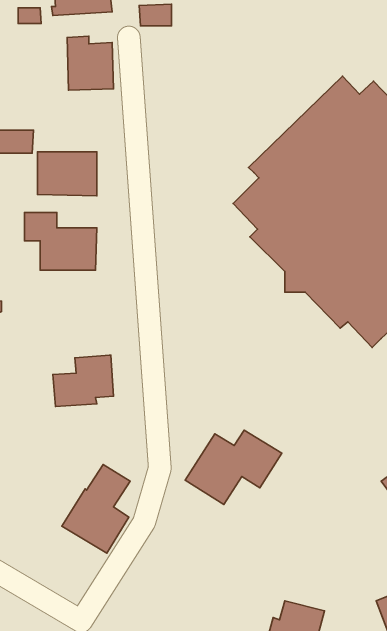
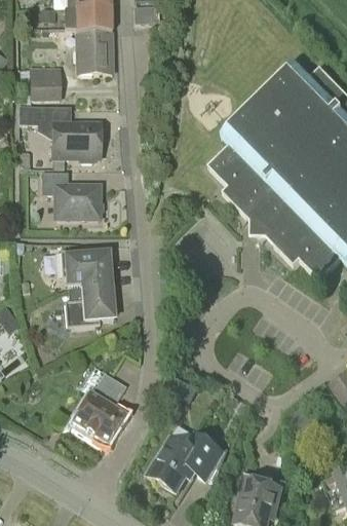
building: none -> [65,10,112,36]
building: none -> [29,65,61,100]
building: none -> [61,248,111,288]
building: [185,430,282,505] -> [147,433,224,492]

